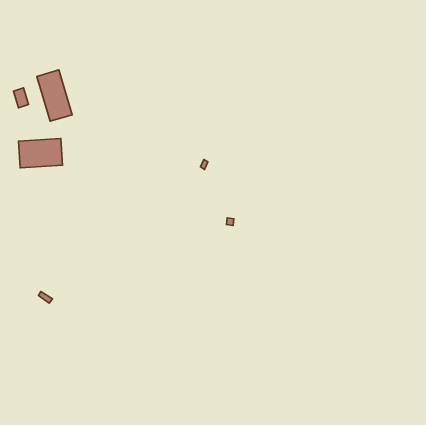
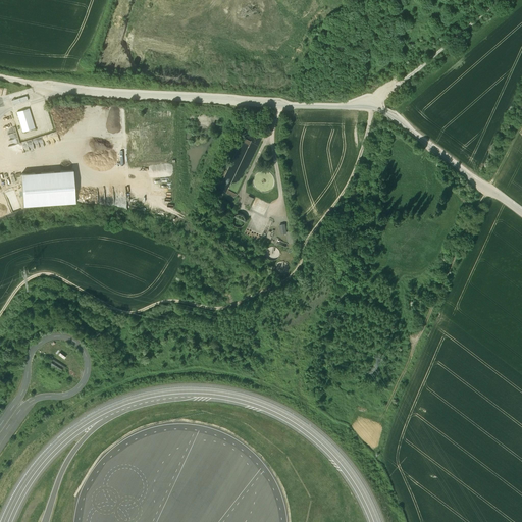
building: [37,70,72,121] -> none

